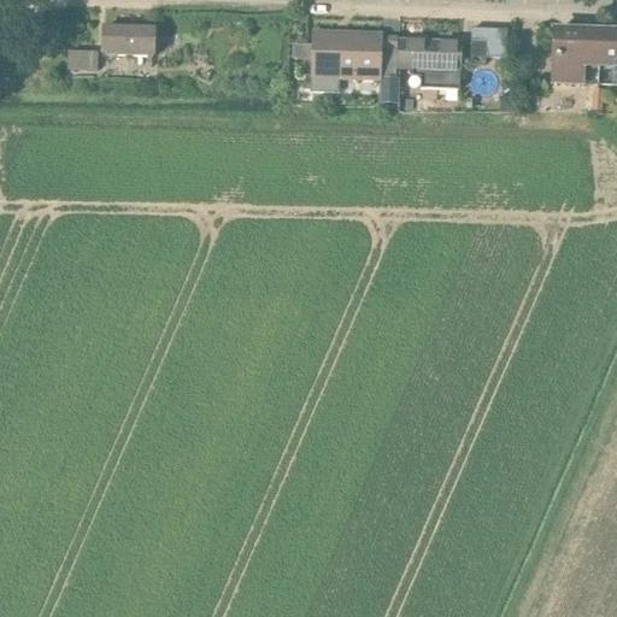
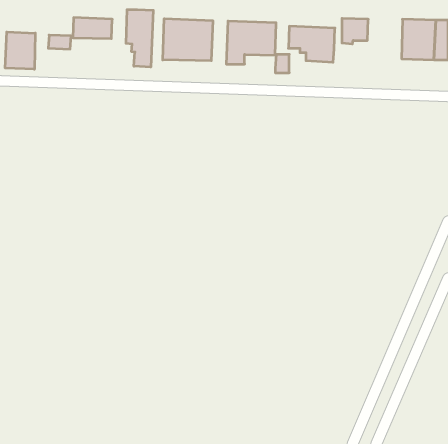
building: none -> [126,10,153,67]
building: none -> [163,19,213,61]
building: none -> [5,32,35,69]

